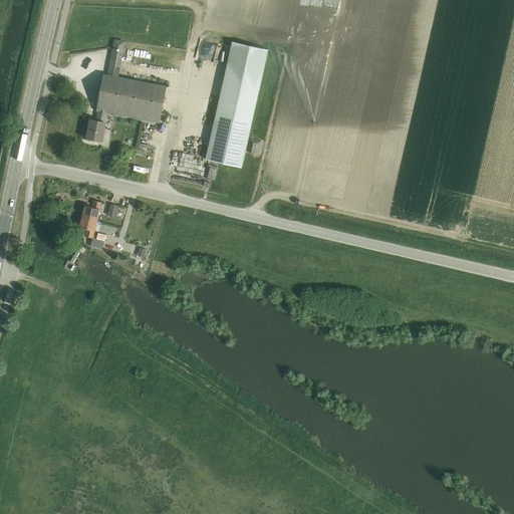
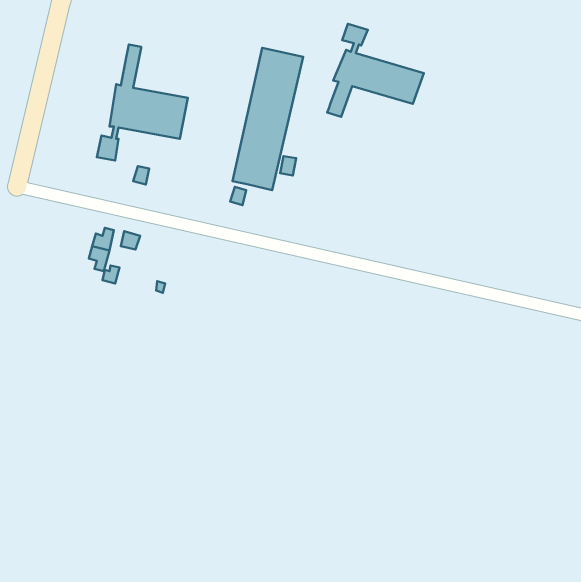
building: none -> [327,24,424,117]

